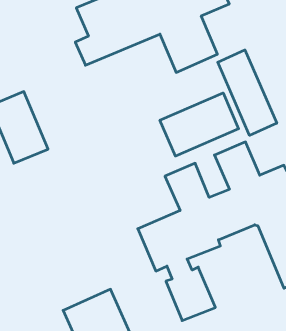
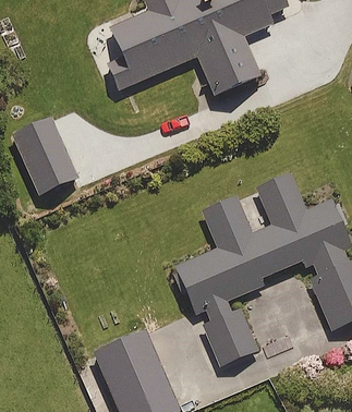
building: [218,50,277,135] -> none
building: [160,93,239,156] -> none

